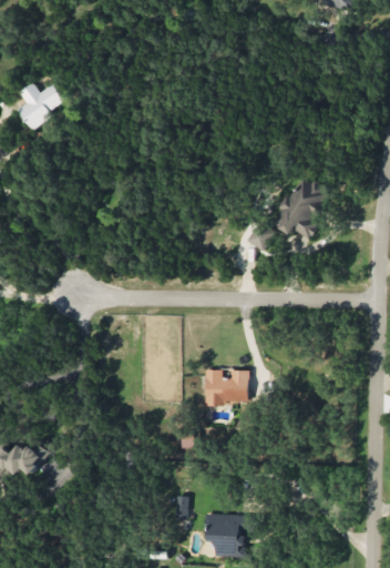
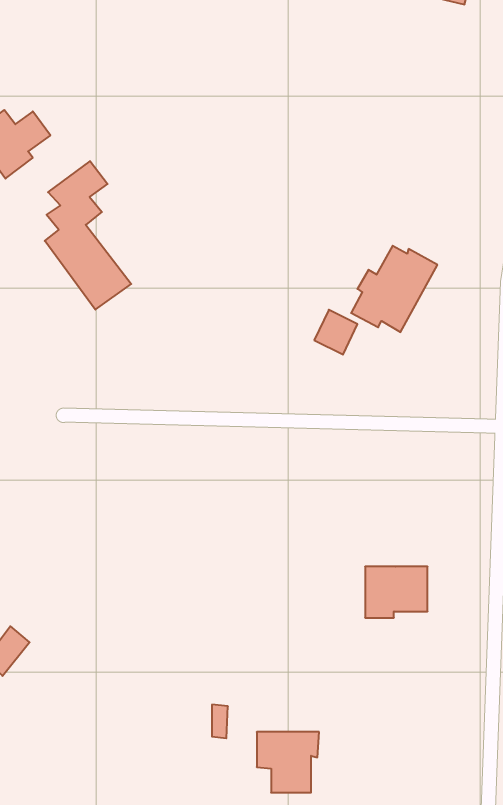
building: none -> [45,161,131,310]
building: [205,371,248,406] -> [365,567,428,618]

